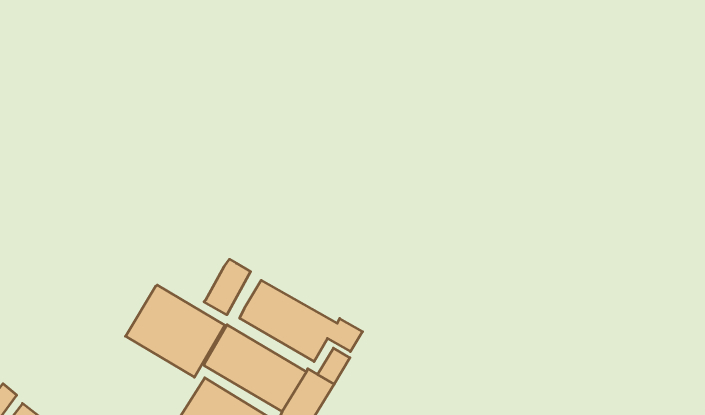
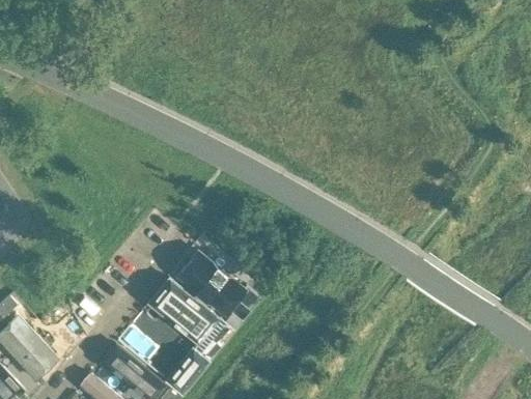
building: [204,259,251,315] -> none
building: [125,285,225,377] -> none

